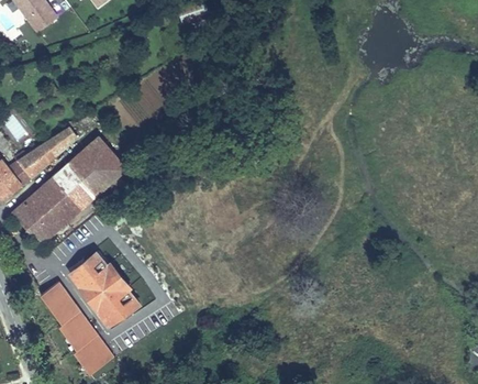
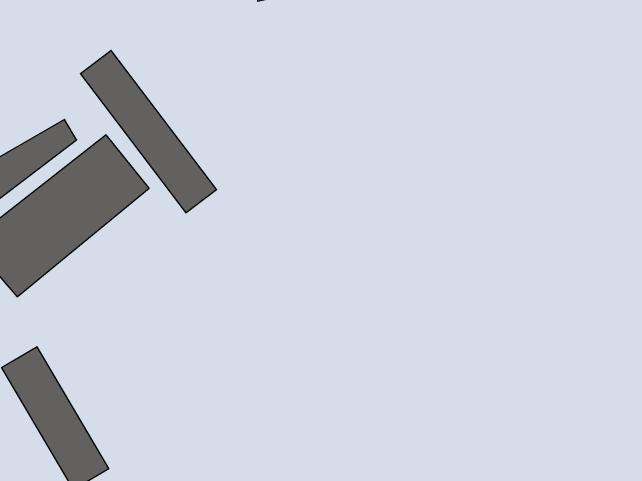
building: none -> [80,50,217,213]
building: [64,249,143,328] -> none

